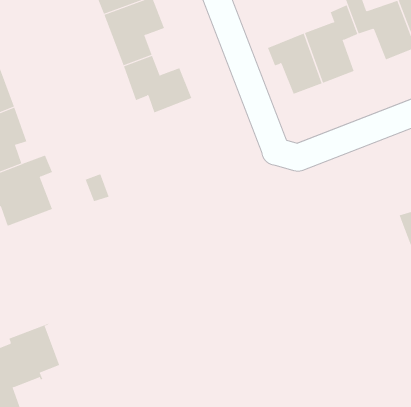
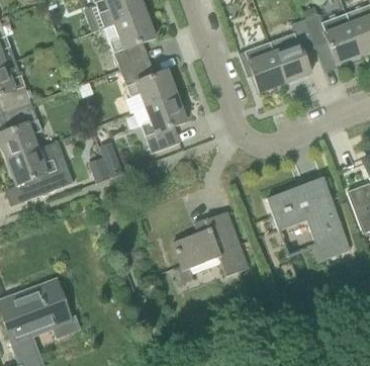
building: none -> [142,95,186,153]
building: none -> [267,178,350,263]
building: none -> [173,211,248,276]

